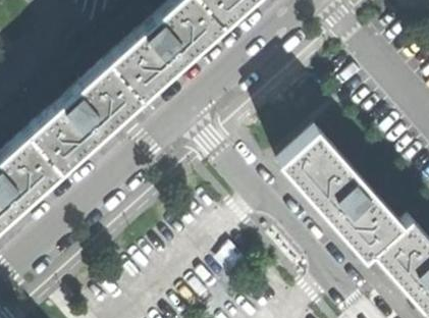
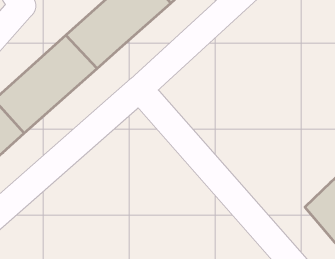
building: [278,128,400,258] -> none

